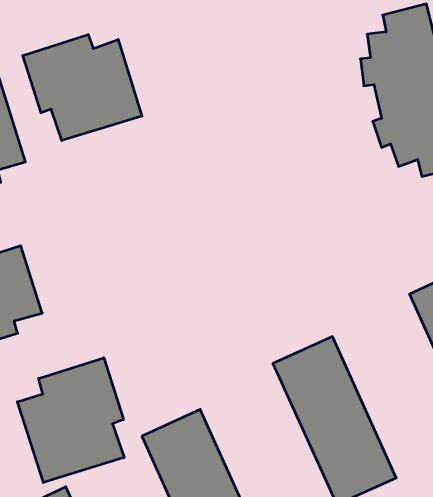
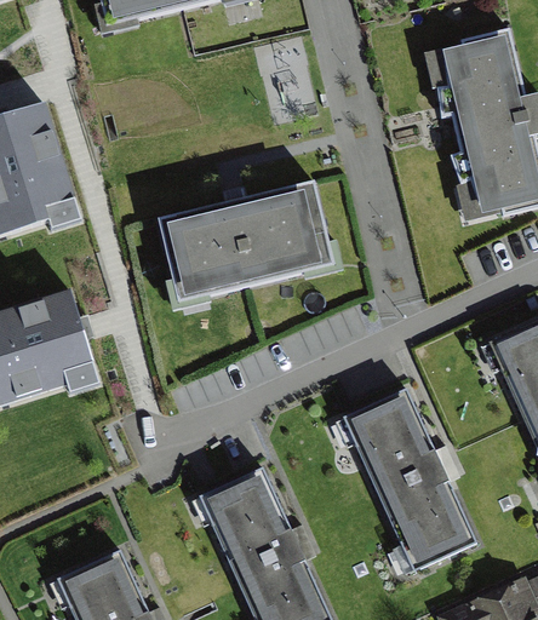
building: [23,35,142,141] -> none
building: none -> [158,182,332,295]
building: [17,358,124,483] -> none

